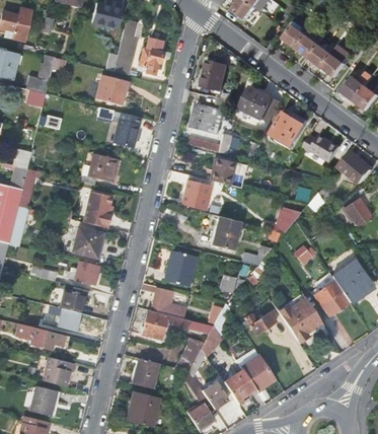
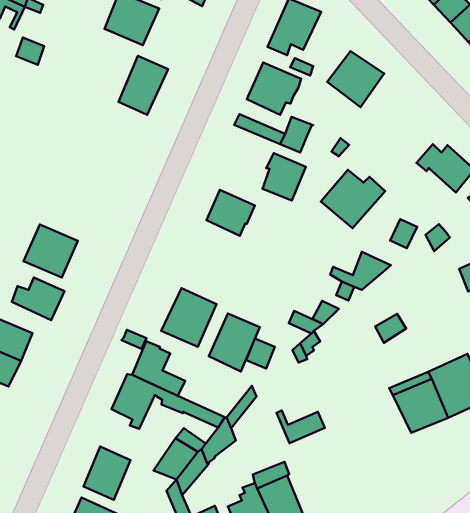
building: [272,113,310,148] -> [321,170,385,228]
building: [81,153,120,186] -> none
building: [84,192,114,228] -> none
building: [212,217,240,251] -> [209,314,260,372]
building: [279,296,322,343] -> none

